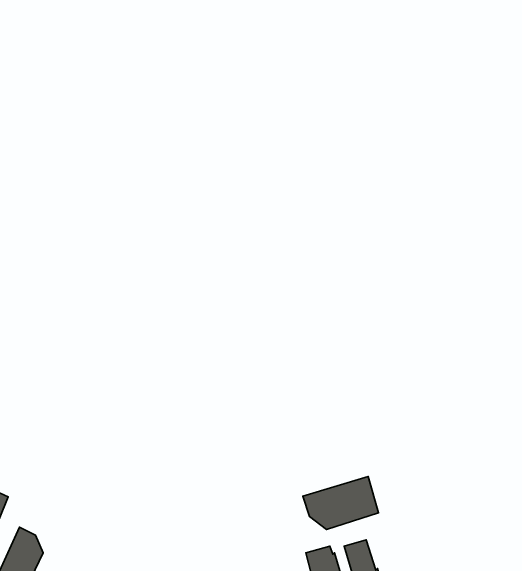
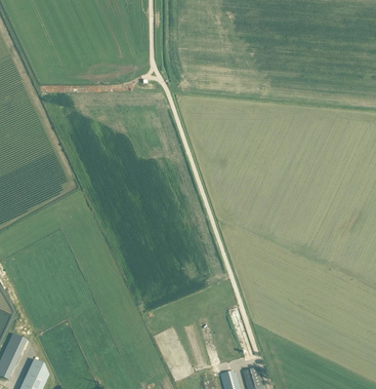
building: [303,477,379,530] -> none

